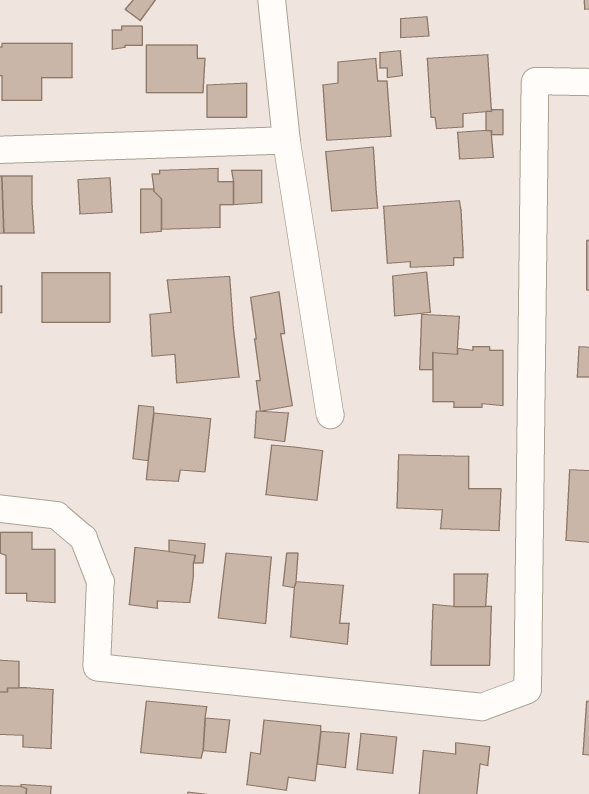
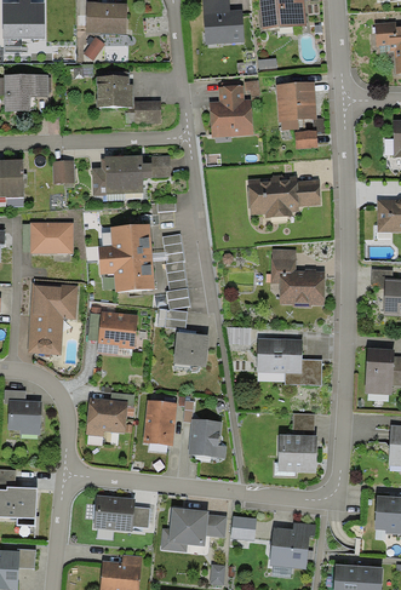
building: [326,147,377,211] -> none
building: [393,272,431,316] -> [297,179,321,207]
building: none -> [28,282,76,355]

